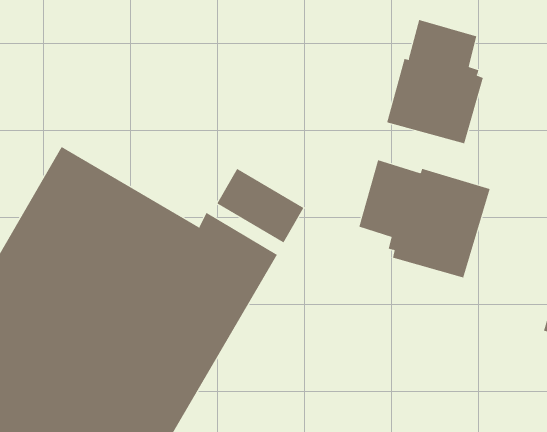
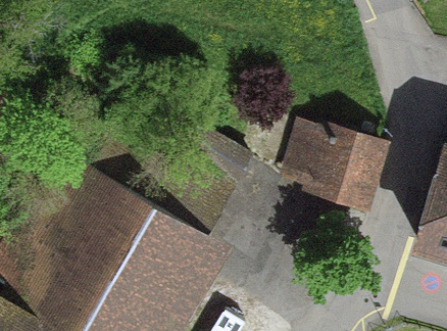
building: [387,19,483,144] -> none

